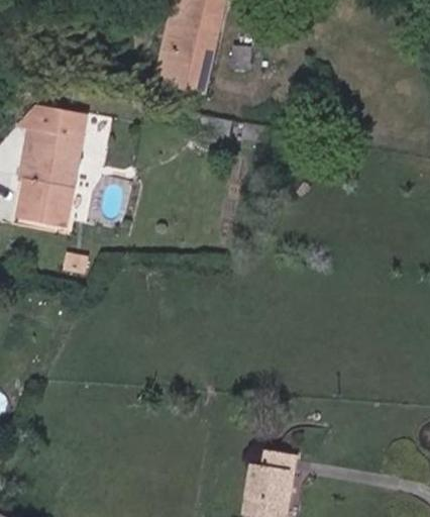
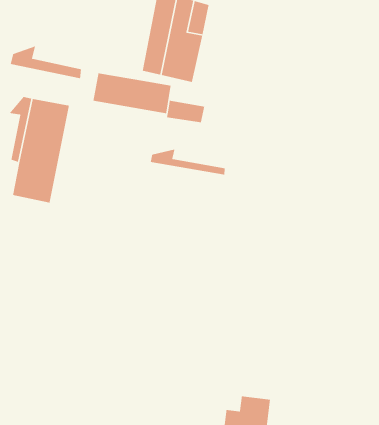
building: none -> [10,45,82,79]
building: none -> [93,72,171,114]
building: none -> [150,149,226,176]

